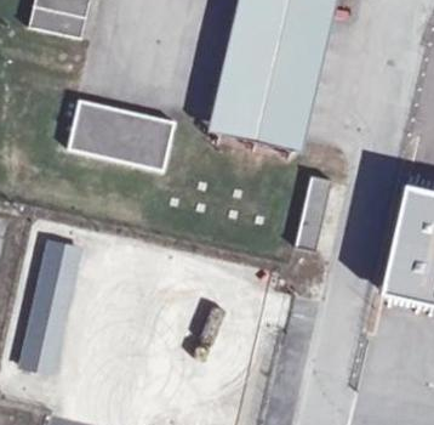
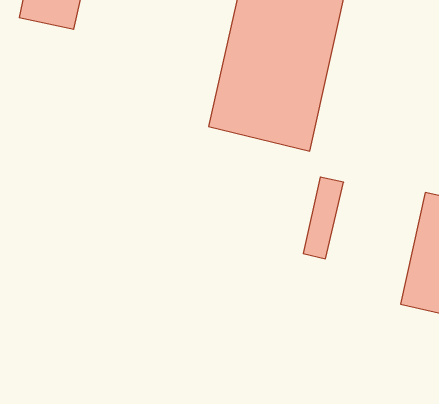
building: [68,98,176,170] -> none
building: [22,240,81,373] -> none

